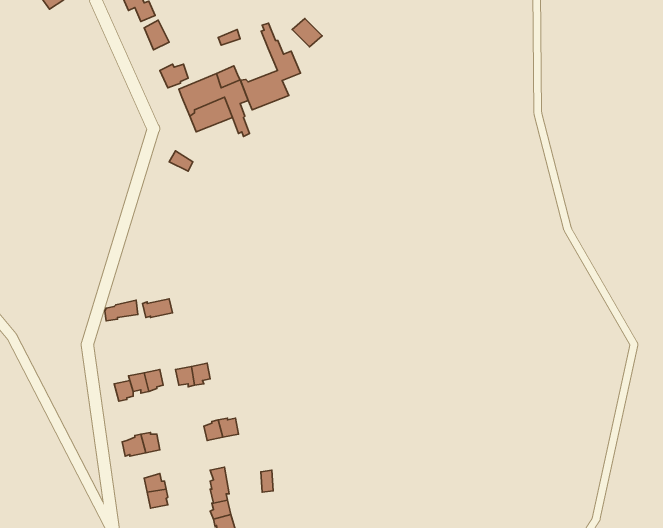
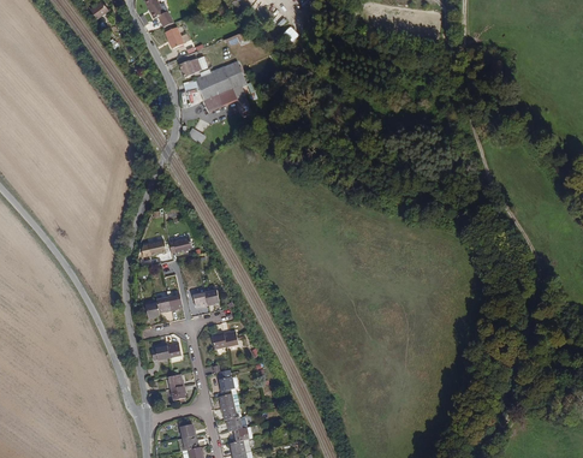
building: [240,23,300,110] -> none

